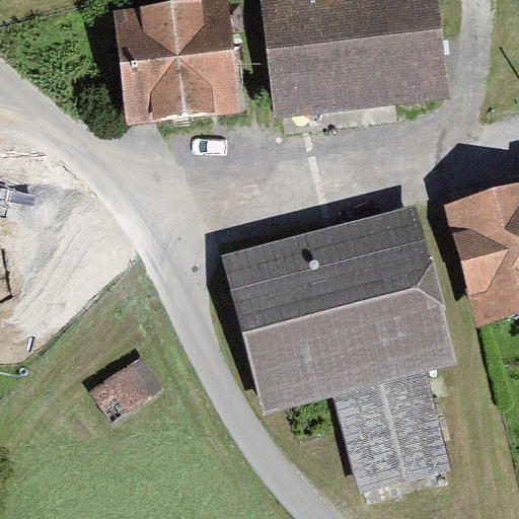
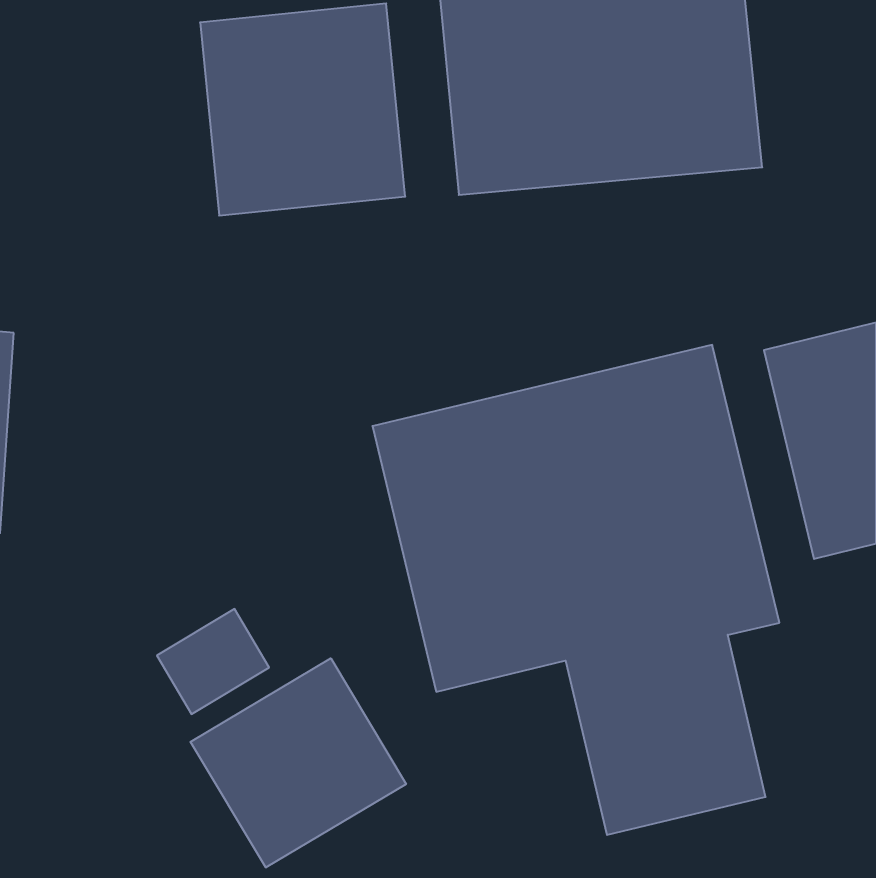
building: none -> [190,658,406,868]

